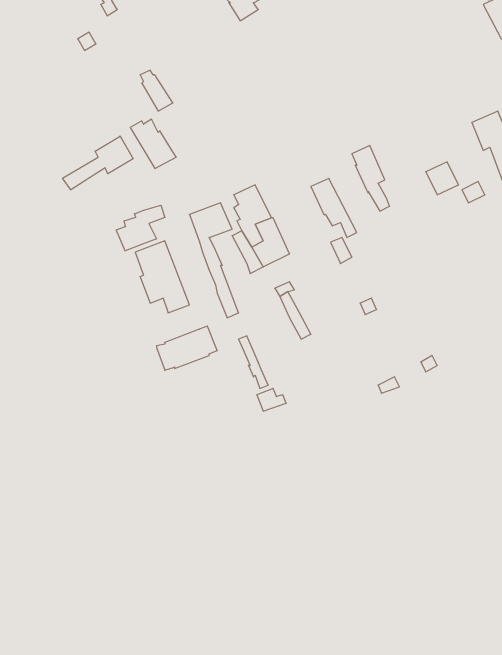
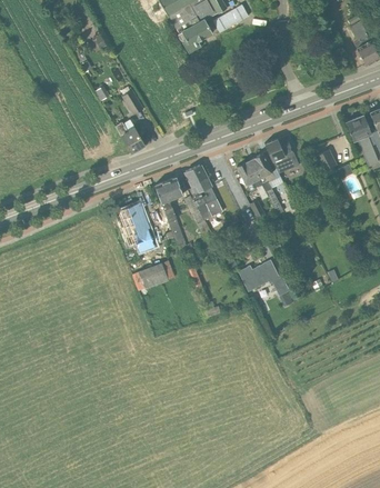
building: [63,136,133,190] -> none
building: none -> [250,151,283,215]
building: [116,205,165,251] -> none
building: none -> [239,259,290,296]

